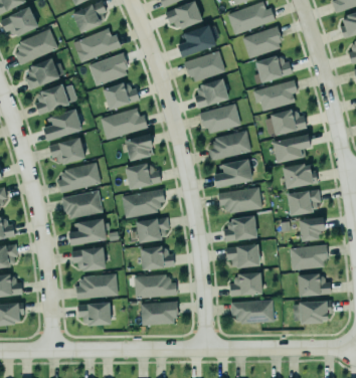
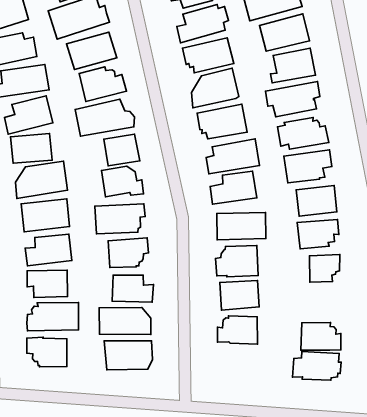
building: [291,246,327,270] -> none
building: [229,301,272,324] -> none

